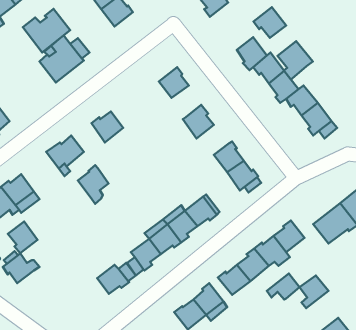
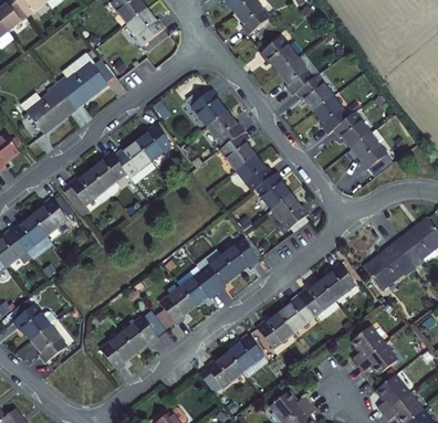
building: [253,7,286,38] -> [261,34,299,70]
building: [23,9,70,52] -> [18,83,72,133]
building: [277,41,313,79] -> none
building: none -> [205,110,242,147]
building: none -> [135,121,171,159]
building: none -> [233,156,271,193]
building: none -> [32,194,67,232]
building: [78,165,109,204] -> [90,150,125,194]
building: [8,221,38,253] -> [28,322,62,359]
building: [267,274,300,300] -> [359,346,397,376]
building: none -> [100,331,133,368]

